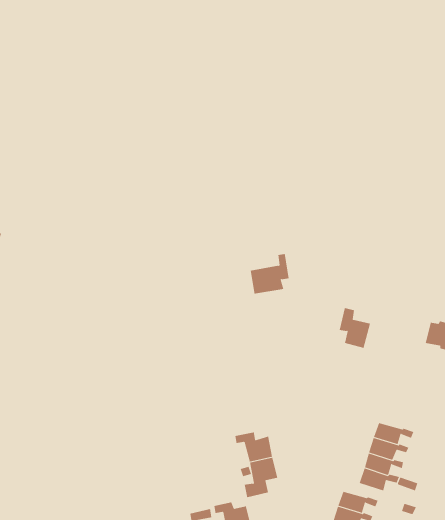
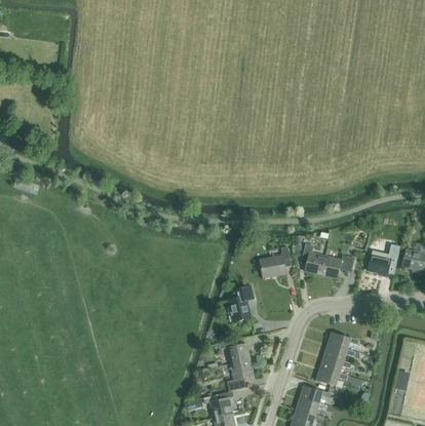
building: [250,253,289,294] -> [260,246,291,278]
building: none -> [320,255,348,278]
building: none -> [227,285,254,322]

